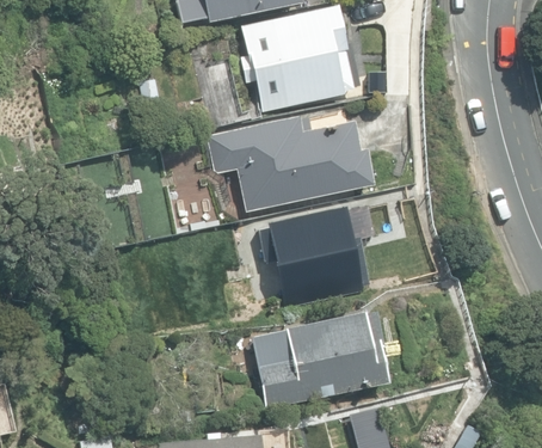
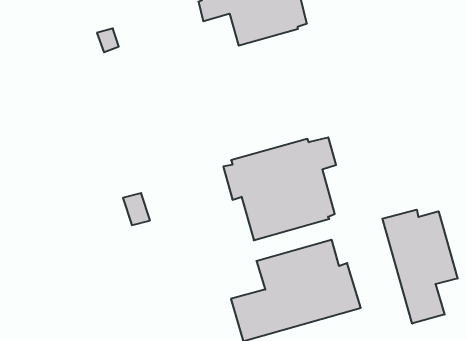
building: [208,116,374,211] -> none
building: none -> [382,210,458,324]

